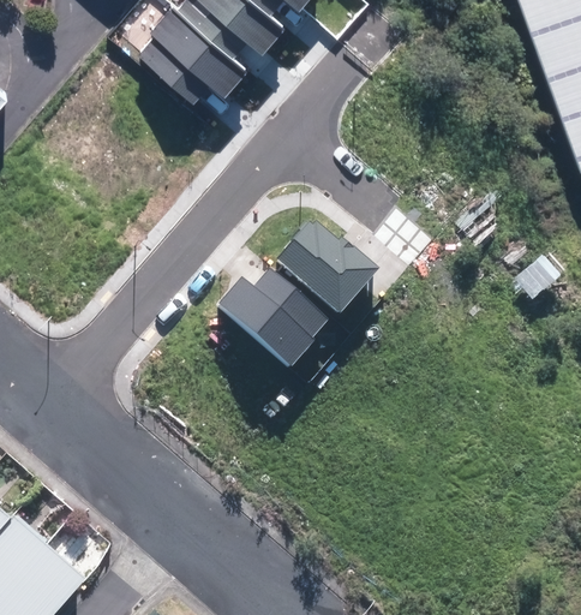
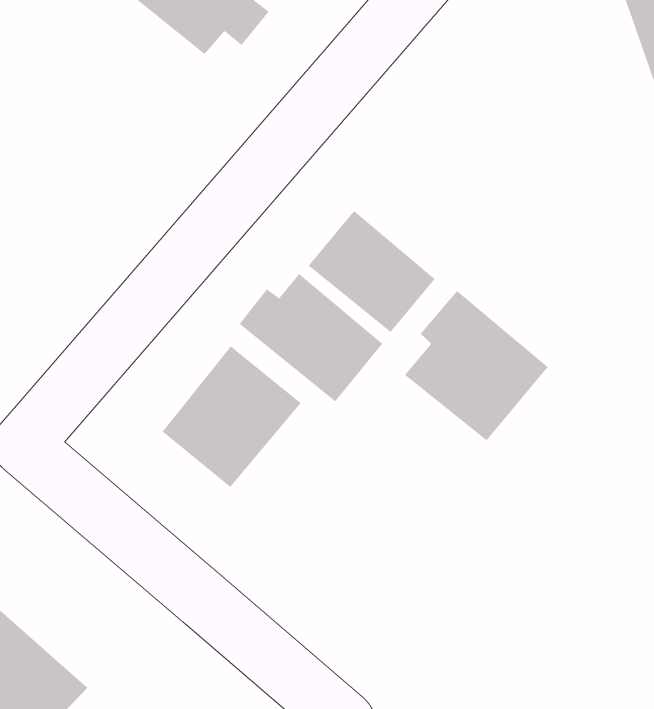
building: none -> [404,290,548,441]
building: none -> [162,345,301,488]

